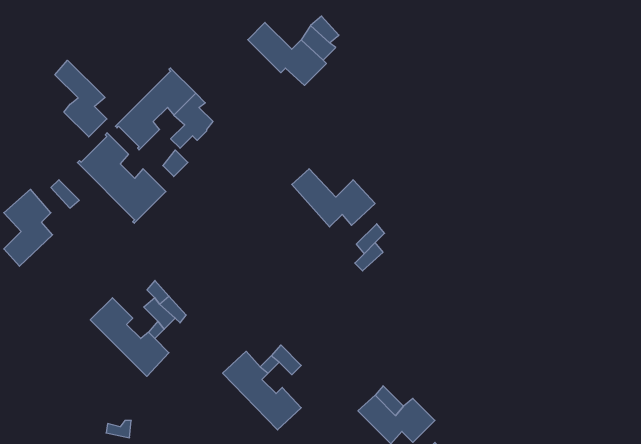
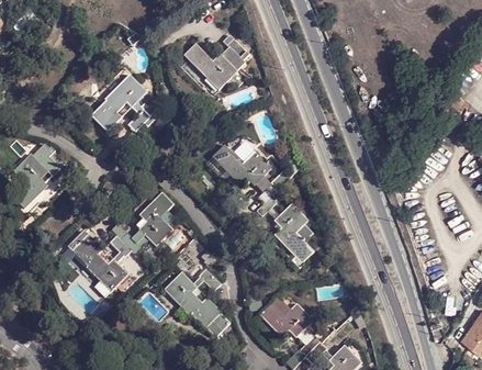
building: [55,60,107,137] -> none
building: [77,133,166,223] -> none
building: none -> [139,193,173,246]
building: none -> [274,204,314,262]

